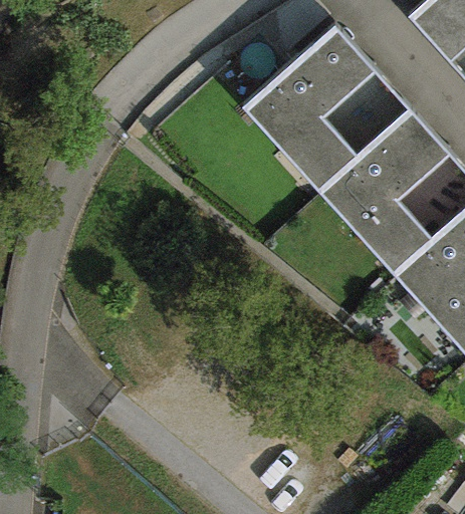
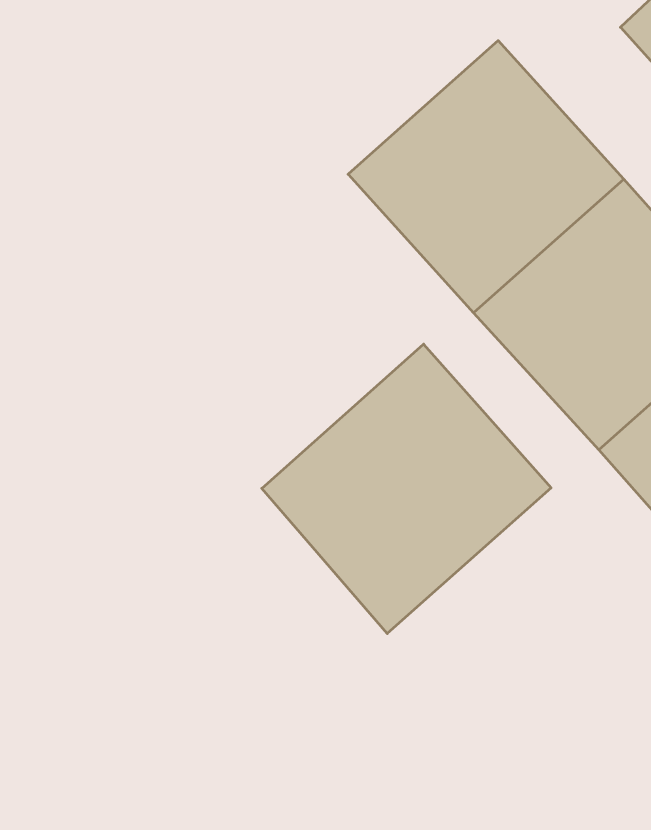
building: none -> [262,344,551,634]

